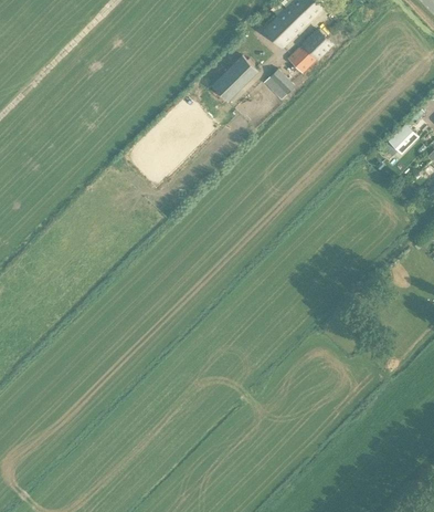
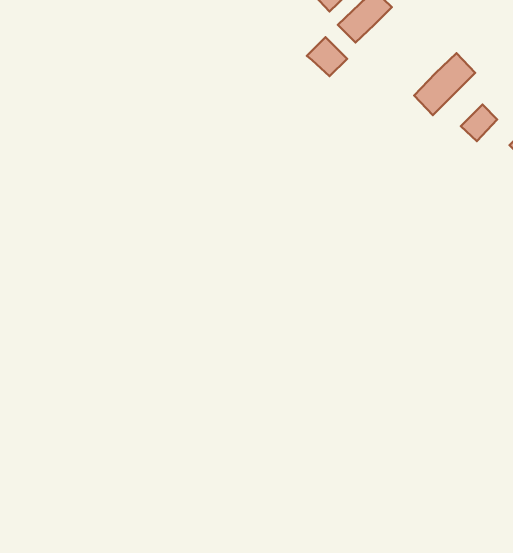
building: [211,54,257,101] -> none
building: none -> [414,53,475,115]

